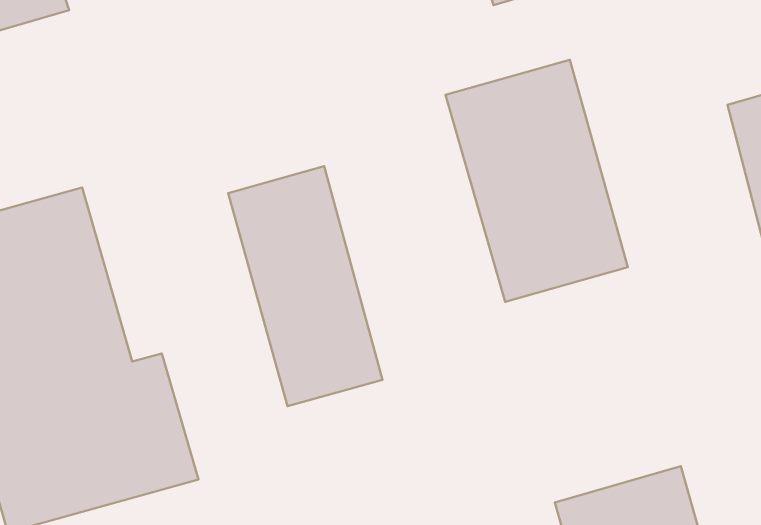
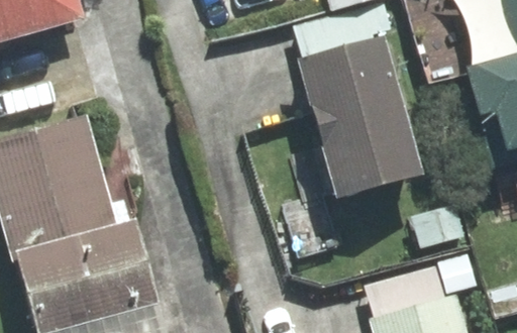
building: [228,166,383,406] -> none

